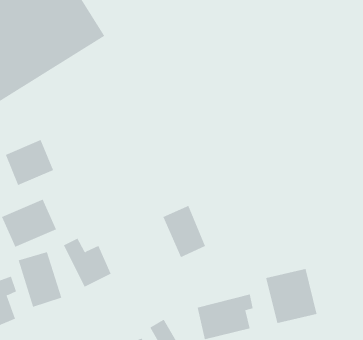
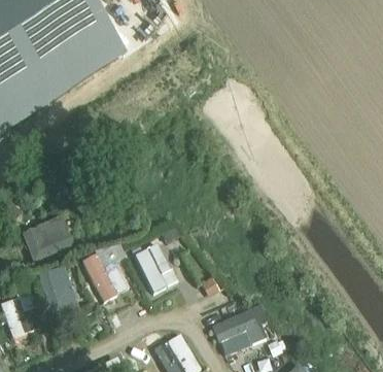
building: [5,139,54,186] -> none
building: [163,205,206,258] -> [134,240,176,292]
building: [265,268,317,324] -> none

